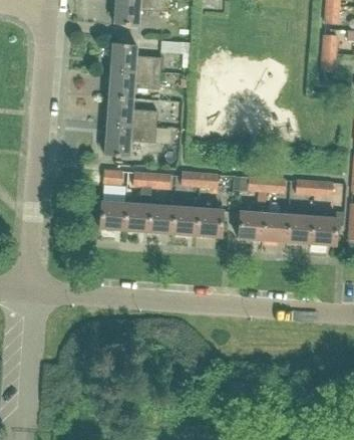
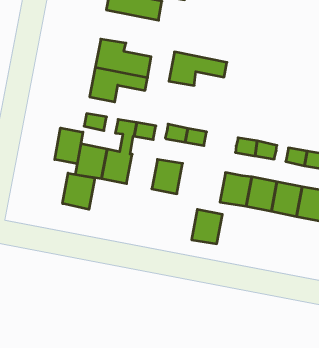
building: [108,70,160,99] -> [169,52,227,85]
building: none -> [55,128,83,164]
building: [148,203,174,233] -> none
building: [197,206,223,236] -> [192,209,222,244]
building: none -> [63,173,95,209]

